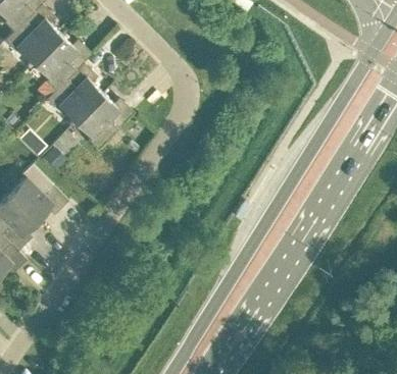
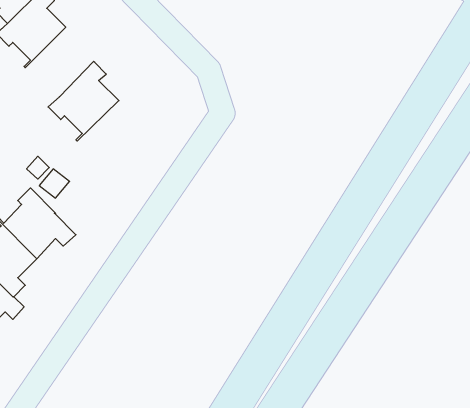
building: [28,36,92,92] -> none
building: [69,95,134,151] -> none

